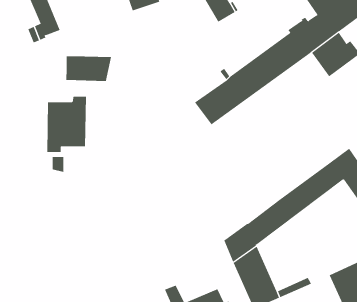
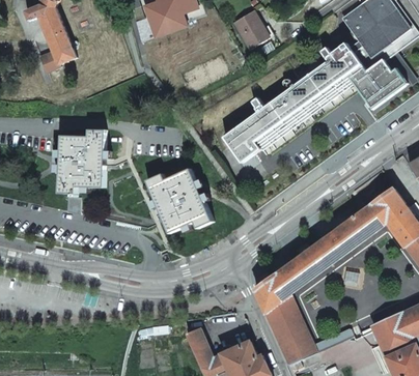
building: [66,56,111,82] -> none
building: none -> [146,168,213,232]

